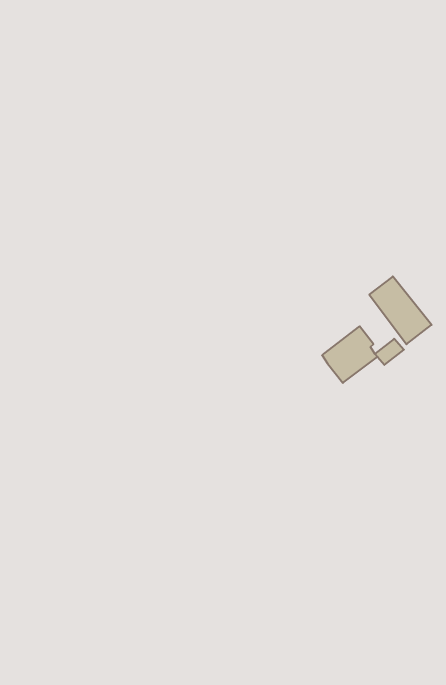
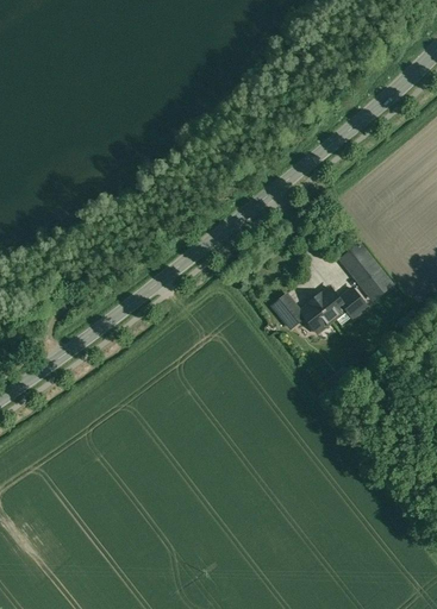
building: none -> [270,291,304,328]

